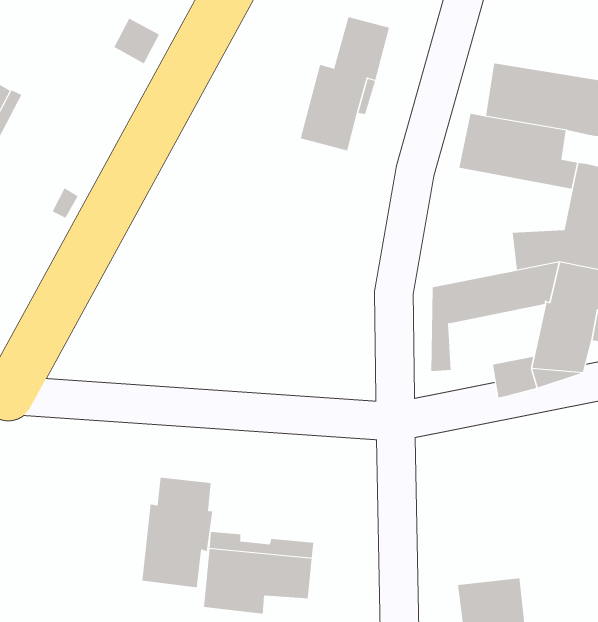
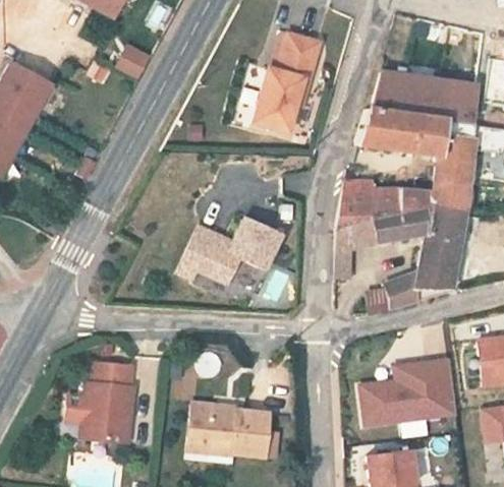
building: none -> [348,185,409,230]
building: none -> [166,226,274,290]
building: none -> [358,349,455,417]
building: [142,477,213,588] -> [76,361,128,441]

